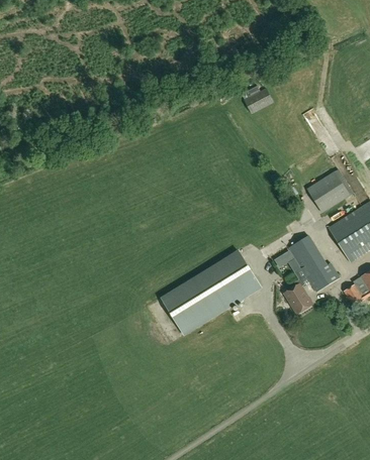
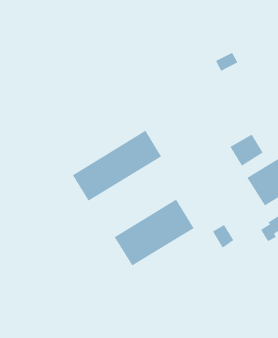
building: [244,88,272,112] -> [215,52,238,72]
building: none -> [72,130,162,202]
building: [288,234,339,291] -> none

